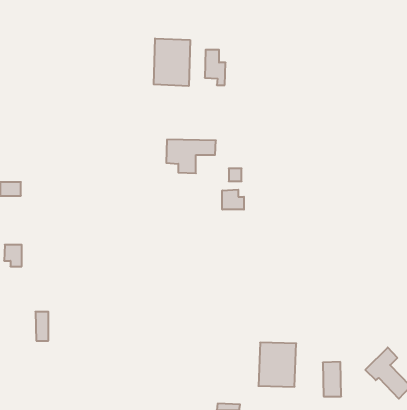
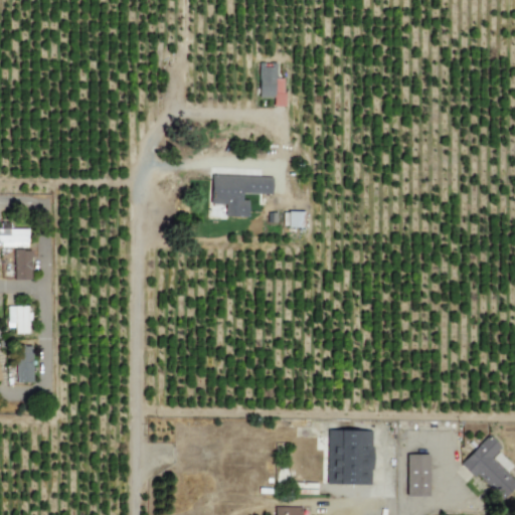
building: [154,38,190,86] -> none
building: [222,190,244,210] -> none
building: none -> [16,249,33,280]
building: [35,312,48,341] -> [18,346,34,382]

